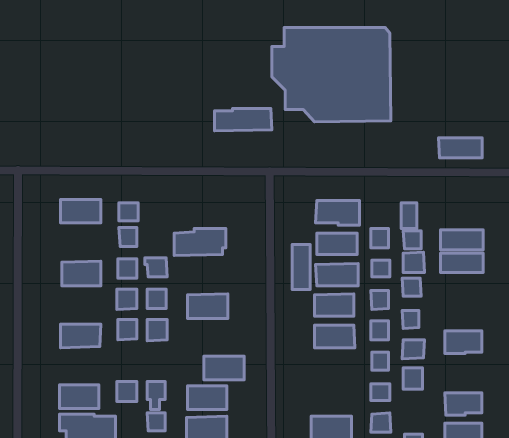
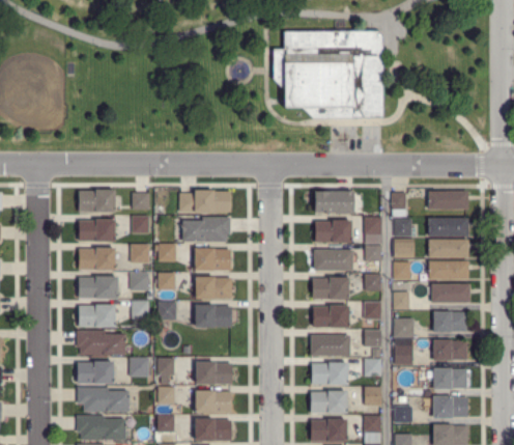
building: [215,108,272,131] -> [178,191,231,212]
building: [438,138,482,158] -> [427,191,467,210]
building: none -> [79,220,115,242]
building: [292,245,310,289] -> none
building: none -> [194,249,230,271]
building: none -> [428,260,467,279]
building: none -> [79,276,117,298]
building: none -> [430,283,468,303]
building: none -> [76,330,123,355]
building: [204,356,244,380] -> [194,305,231,327]
building: none -> [310,335,349,356]
building: none -> [432,339,466,361]
building: none -> [310,362,347,384]

